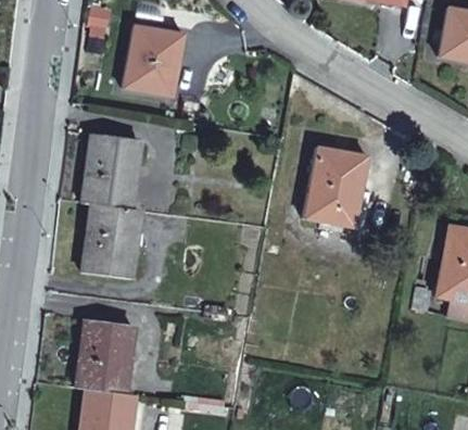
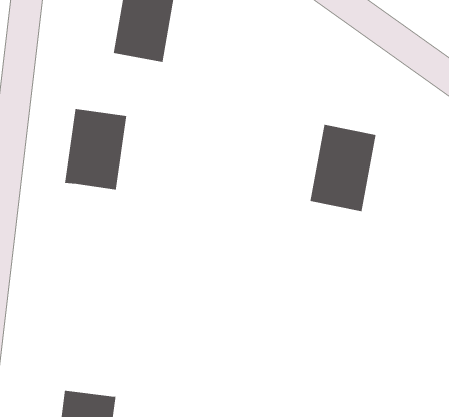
building: [81,205,138,280] -> none
building: [76,325,132,397] -> none

